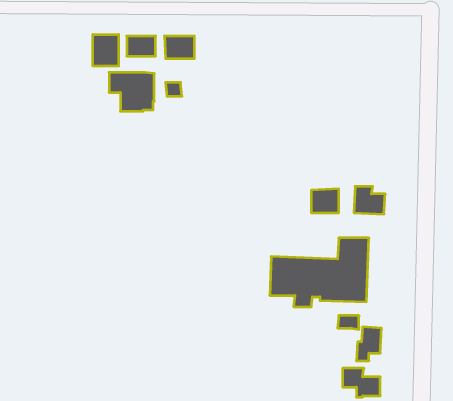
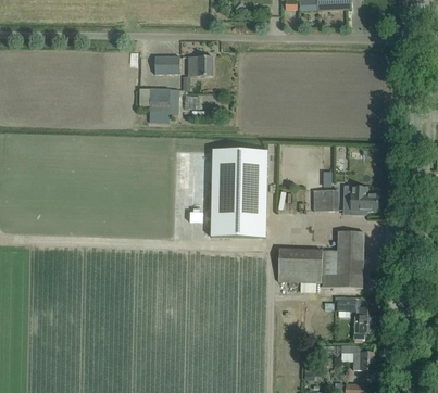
building: [93,34,119,66] -> none
building: none -> [210,150,267,238]

